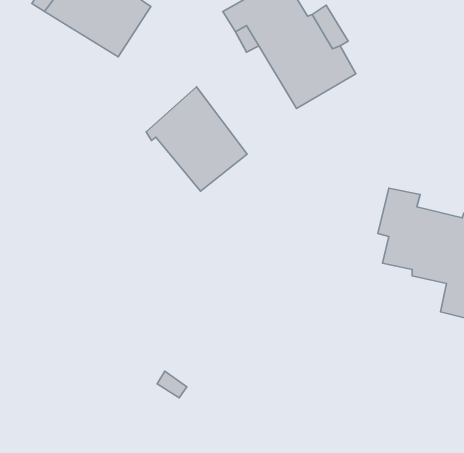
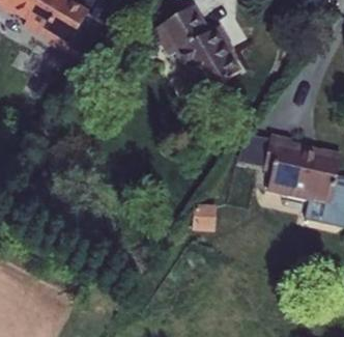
building: [146,87,247,191] -> none

